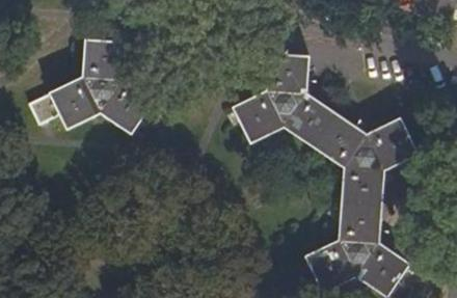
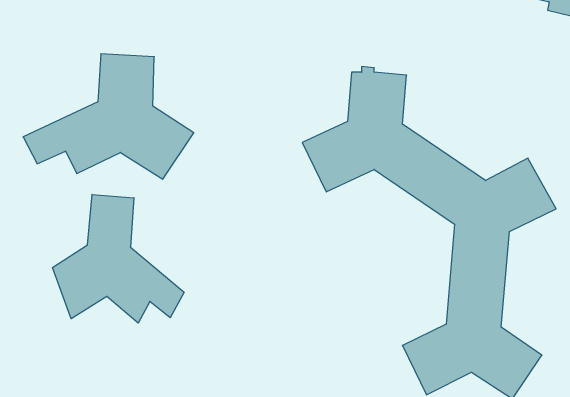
building: none -> [53,194,184,323]

